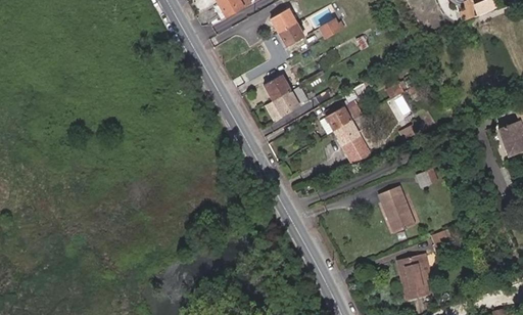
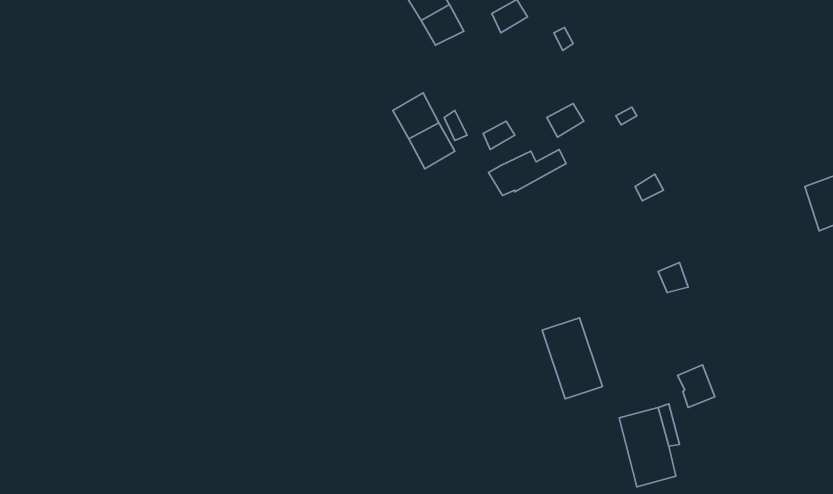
building: [335,114,371,162] -> none
building: [378,187,413,234] -> [542,318,602,399]

